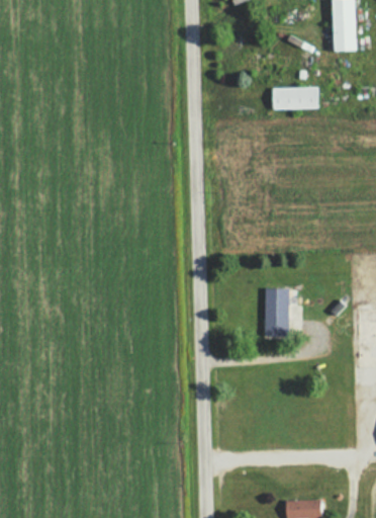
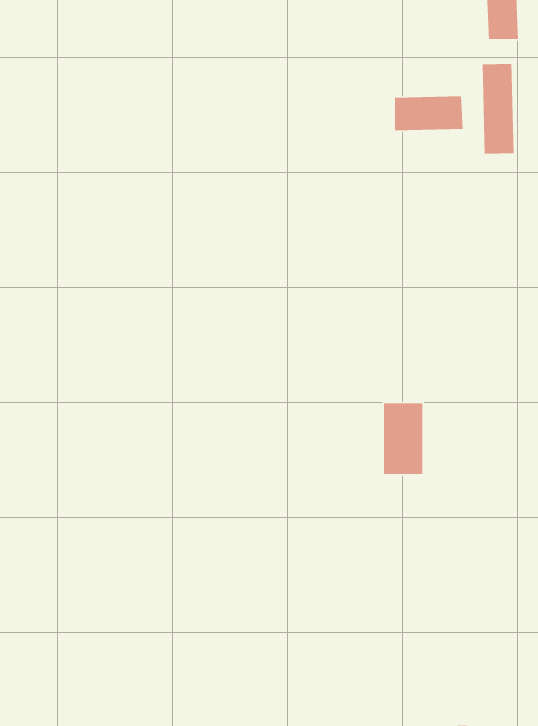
building: none -> [482,63,514,154]

